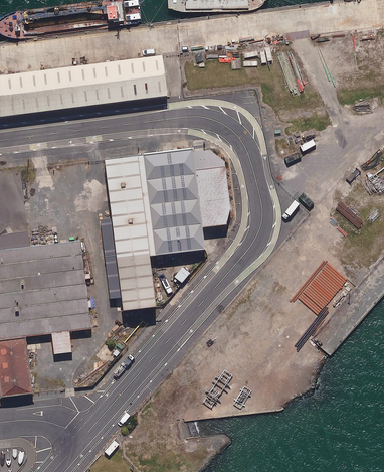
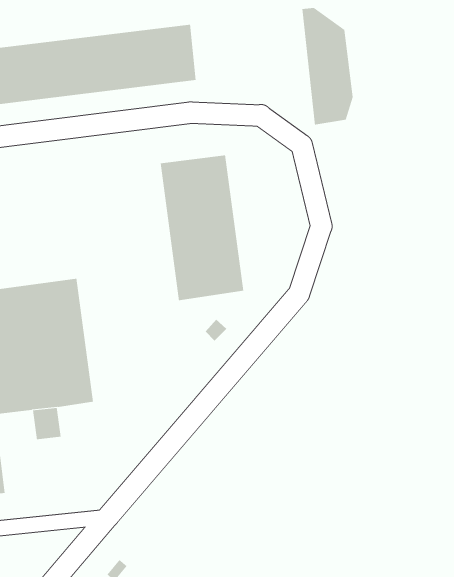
building: [191,147,228,231] -> [301,7,353,125]
building: [99,156,159,311] -> none

